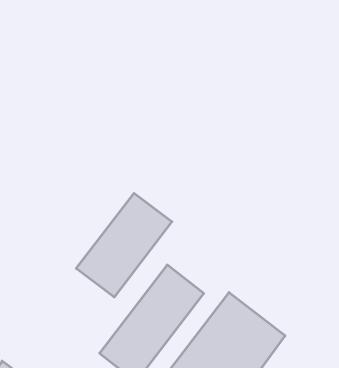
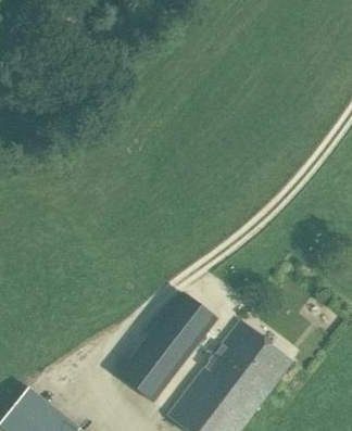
building: [76,193,172,297] -> none

